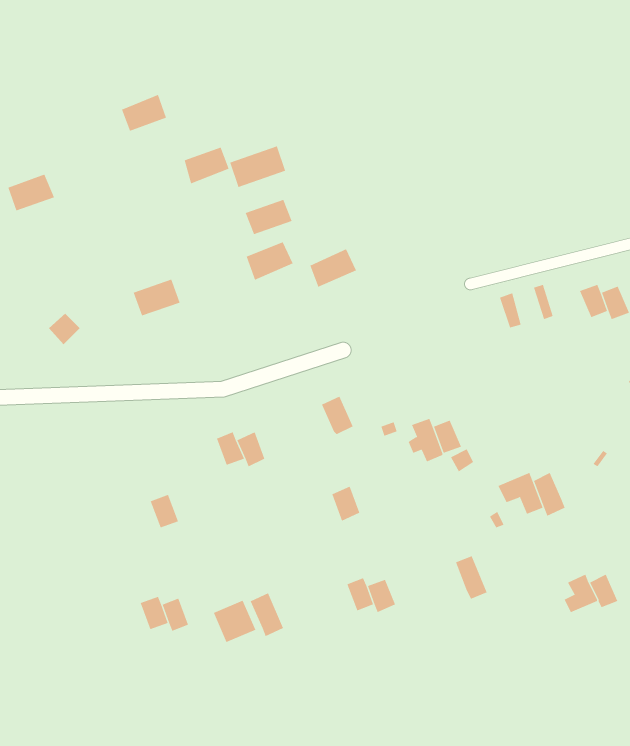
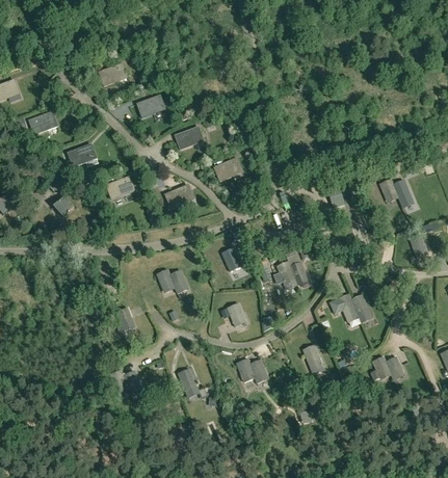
building: [229,146,286,188] -> none
building: none -> [67,144,97,168]
building: [246,241,293,280] -> [165,185,194,209]
building: [213,600,256,643] -> none

